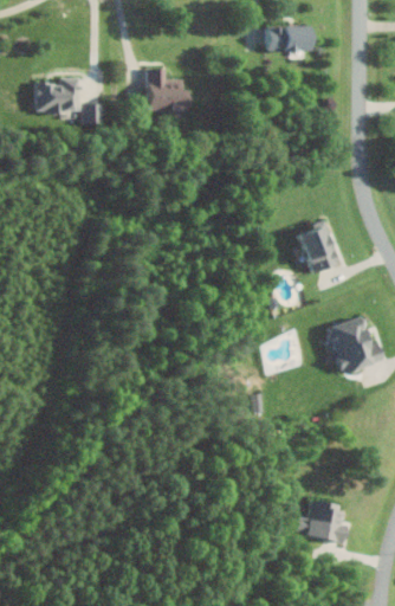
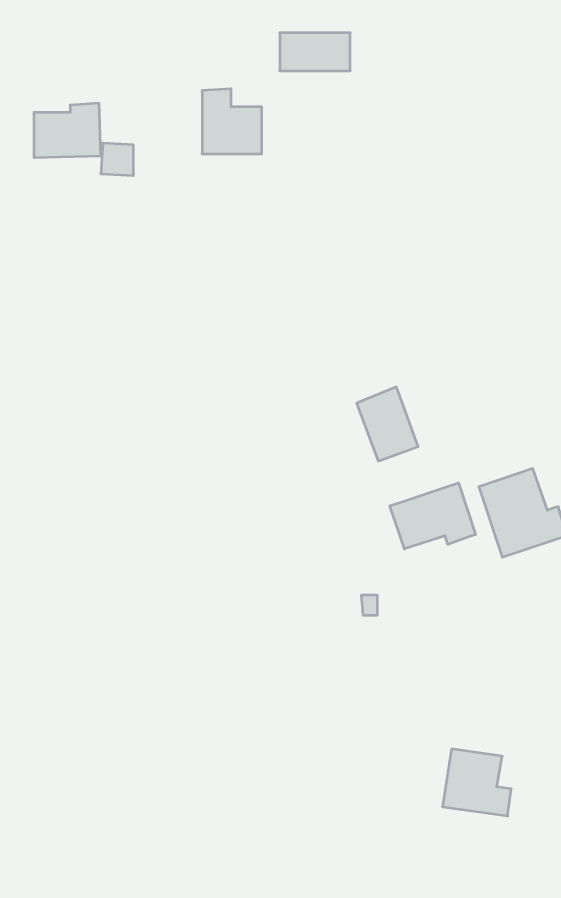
building: [265,26,311,51] -> [280,33,350,71]
building: [298,225,338,273] -> [357,387,418,461]
building: none -> [390,483,476,549]

